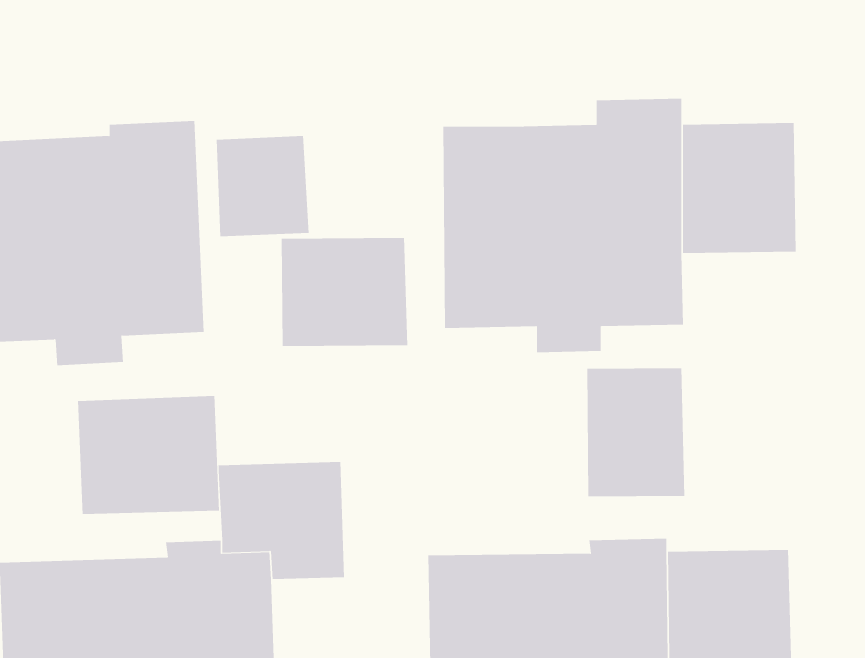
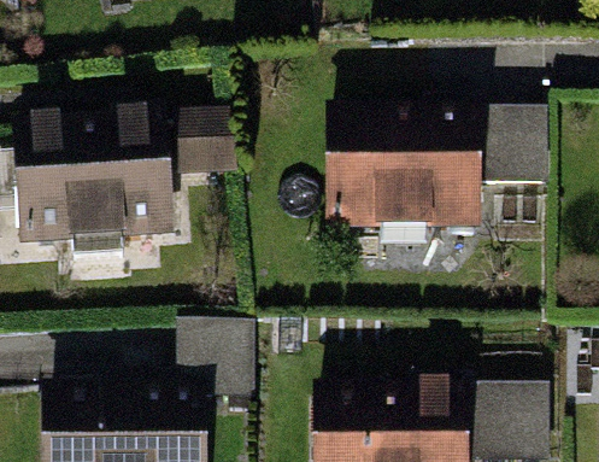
building: [281,237,408,347] -> none
building: [587,367,685,497] -> none
building: [78,395,219,515] -> none

